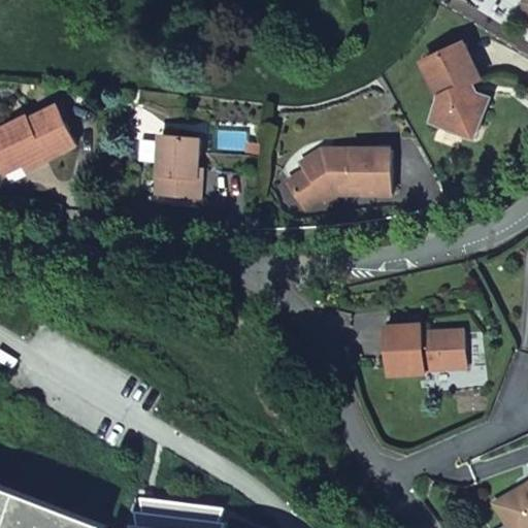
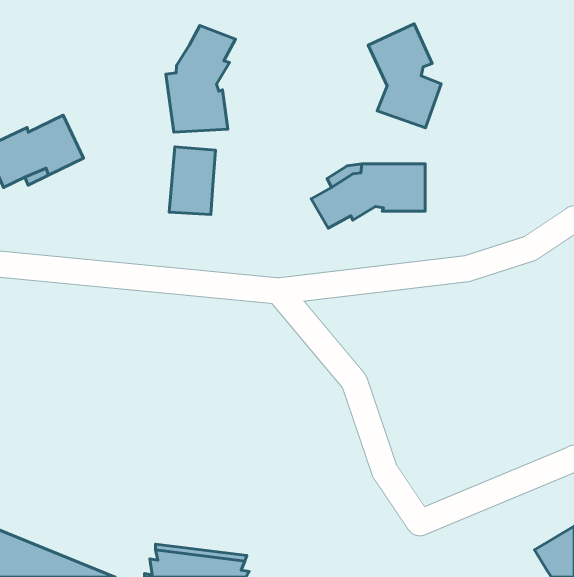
building: none -> [166,26,235,132]
building: [422,42,489,137] -> [368,24,441,128]
building: [381,328,460,377] -> none

